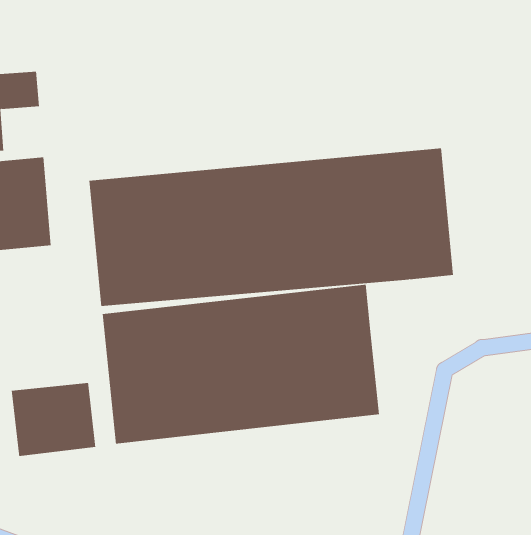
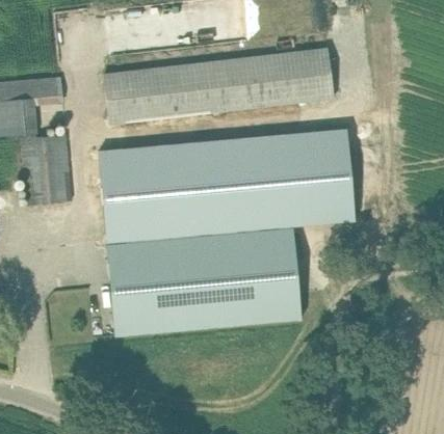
building: none -> [104,46,332,124]
building: [11,382,96,457] -> none

